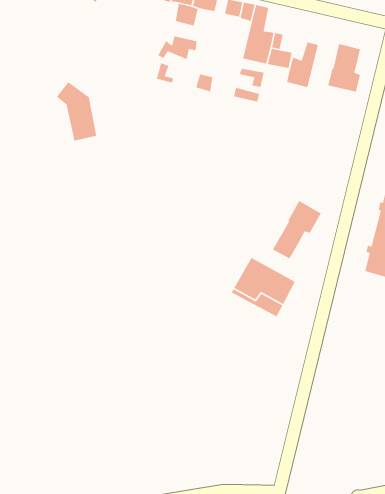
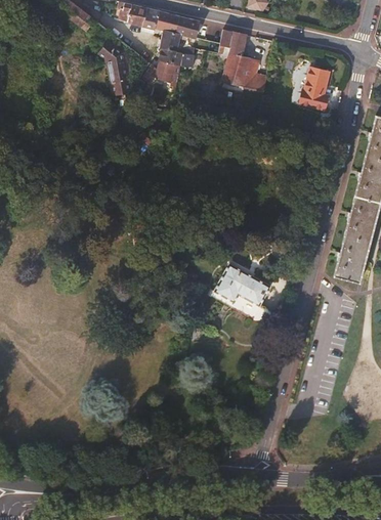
building: none -> [160,47,196,66]
building: [286,42,319,88] -> none
building: [56,81,97,142] -> [97,41,135,96]
building: [272,200,322,260] -> none

